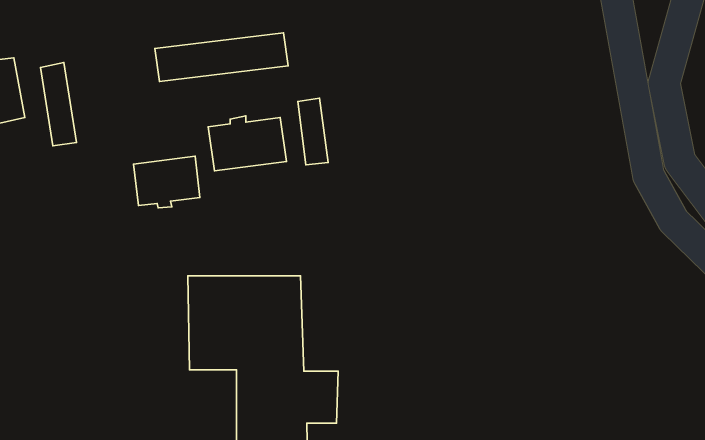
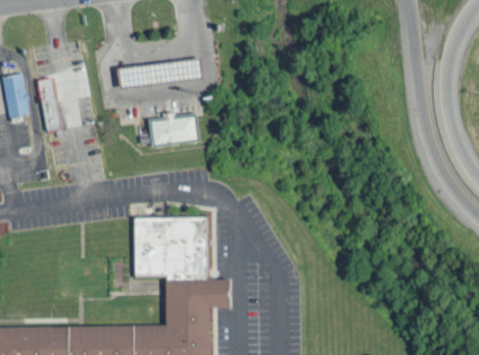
building: [298,98,328,165] -> none
building: [134,156,200,208] -> none

